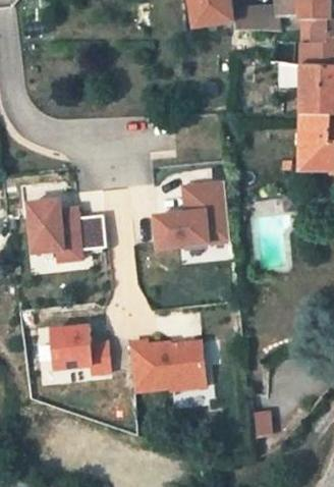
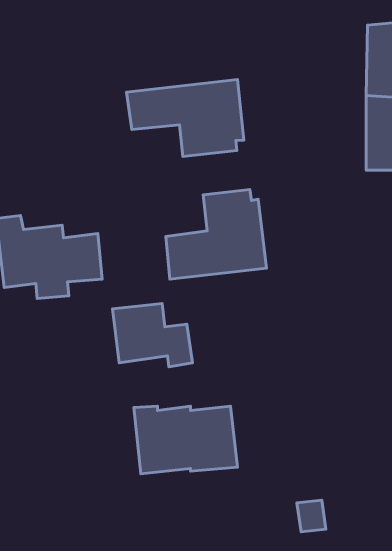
building: none -> [127,80,244,156]
building: [52,328,111,375] -> [112,303,192,367]

